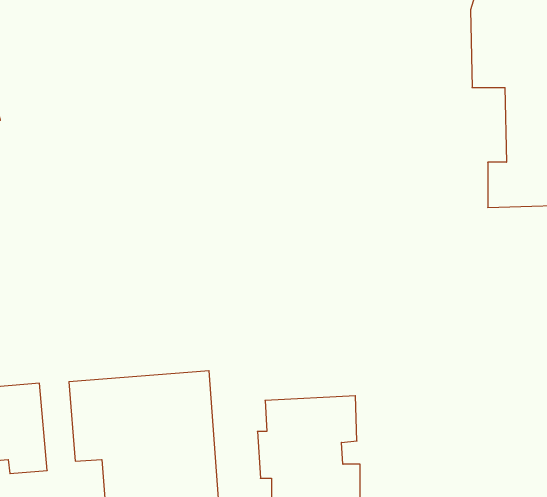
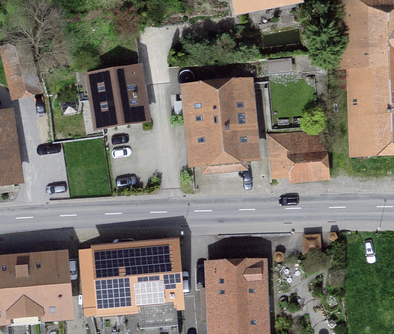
building: none -> [76,60,147,123]
building: none -> [186,89,249,159]
building: none -> [270,133,322,176]

